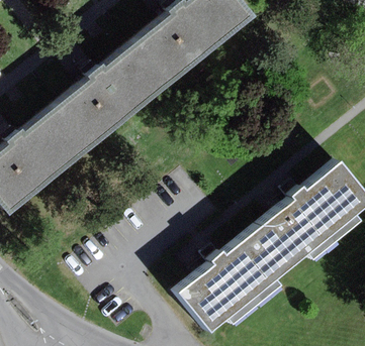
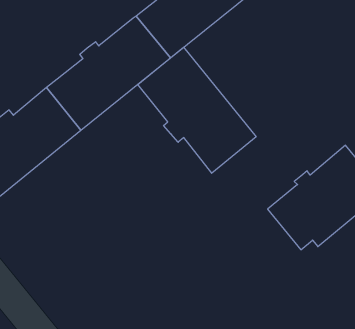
building: none -> [138,47,256,173]
building: [181,223,297,330] -> none

